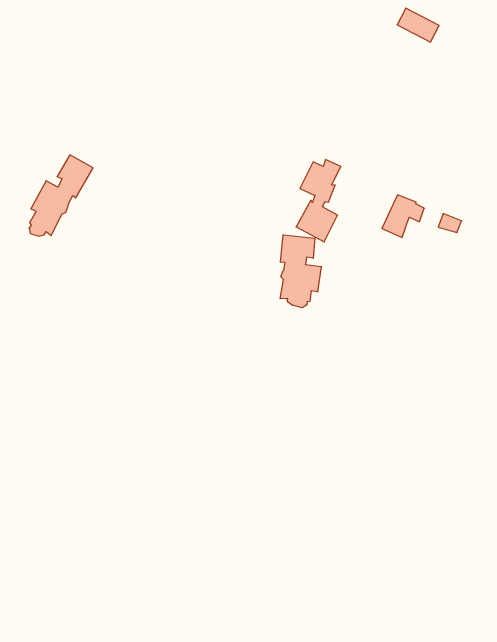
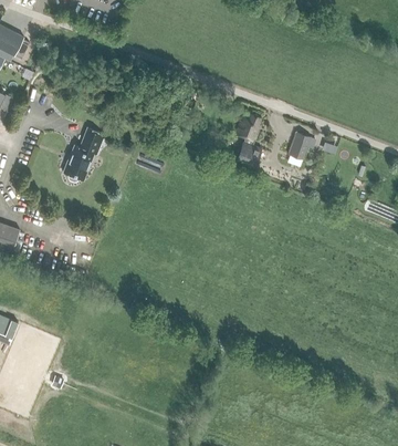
building: [280,235,321,308] -> none

